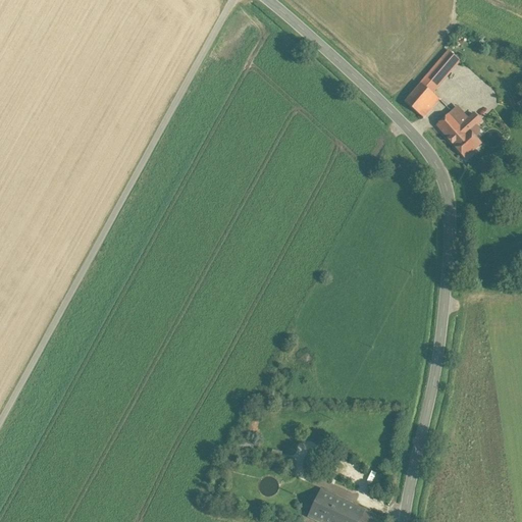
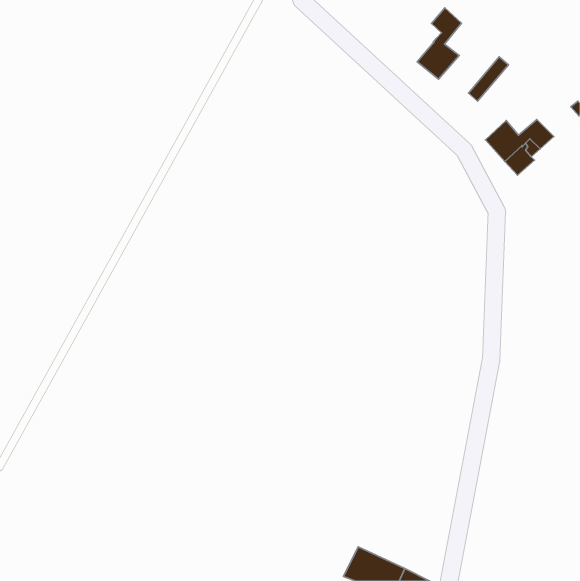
building: none -> [417,8,461,79]
building: [404,84,438,118] -> none

